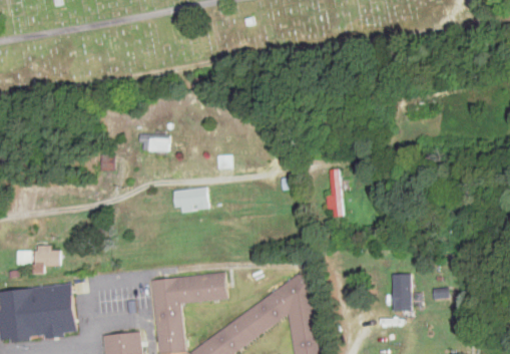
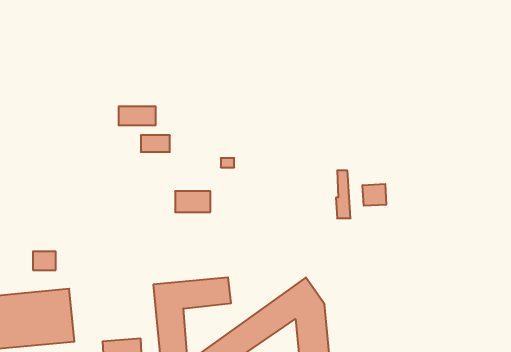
building: none -> [119,106,156,125]
building: none -> [363,184,386,206]
building: [392,274,411,311] -> none

